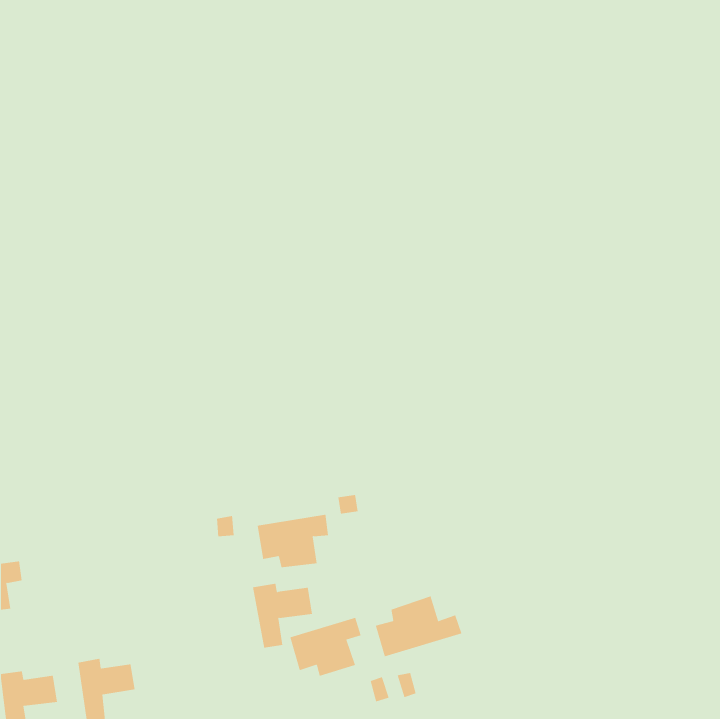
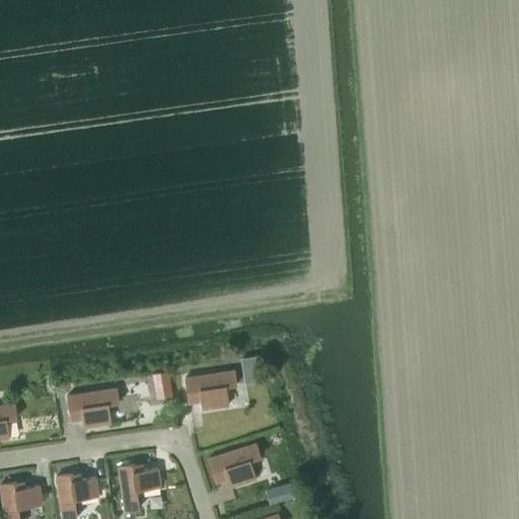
building: none -> [68,389,120,428]
building: [252,583,313,648] -> [118,465,161,512]
building: [375,596,462,657] -> none

